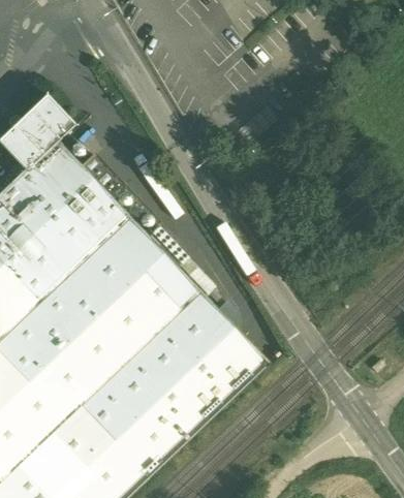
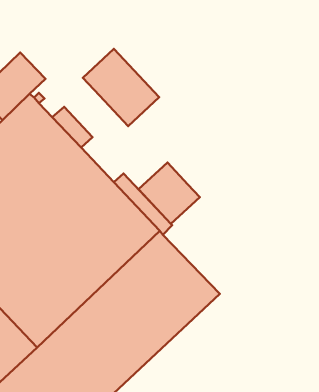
building: none -> [83,49,159,126]
building: none -> [139,162,200,224]

